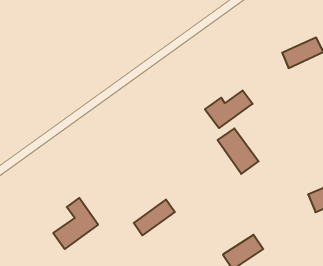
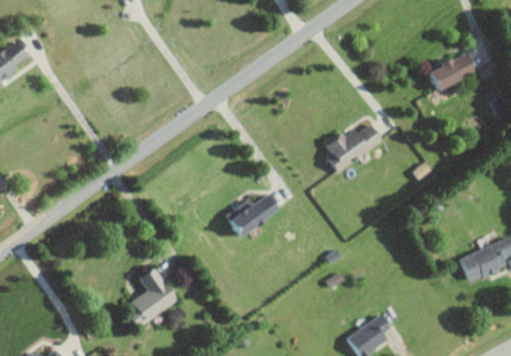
building: [218,128,259,174] -> none
building: [134,200,175,235] -> [223,192,278,239]

